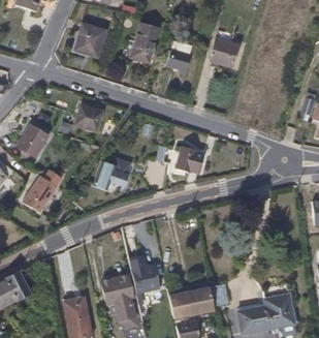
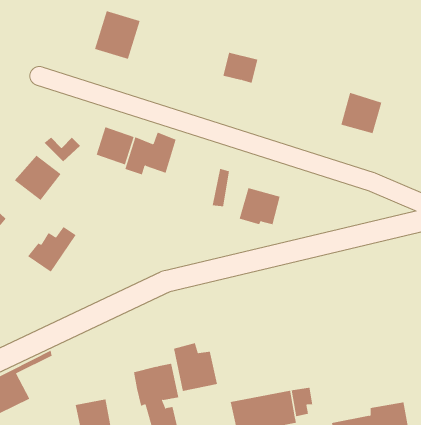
building: [129,25,156,63] -> none
building: [208,43,236,72] -> [340,92,382,134]
building: [95,158,131,188] -> [124,132,177,175]

